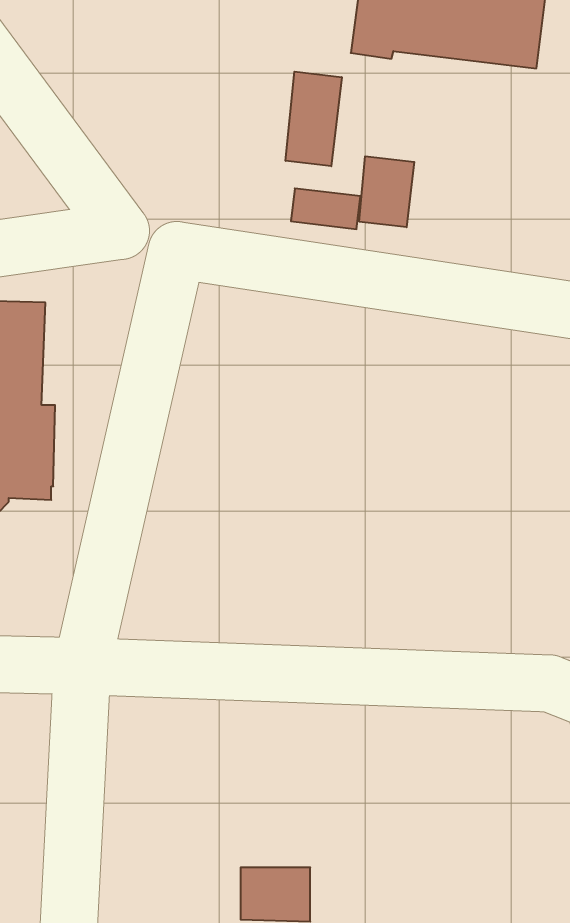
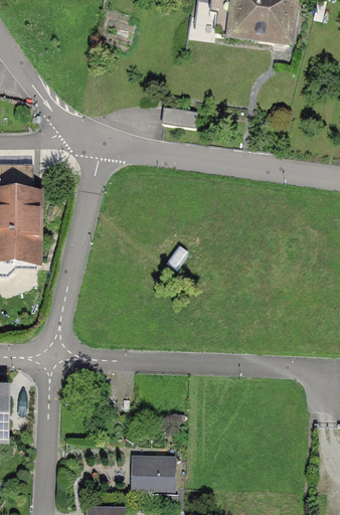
building: [286,72,342,166] -> none
building: [359,156,414,227] -> none

